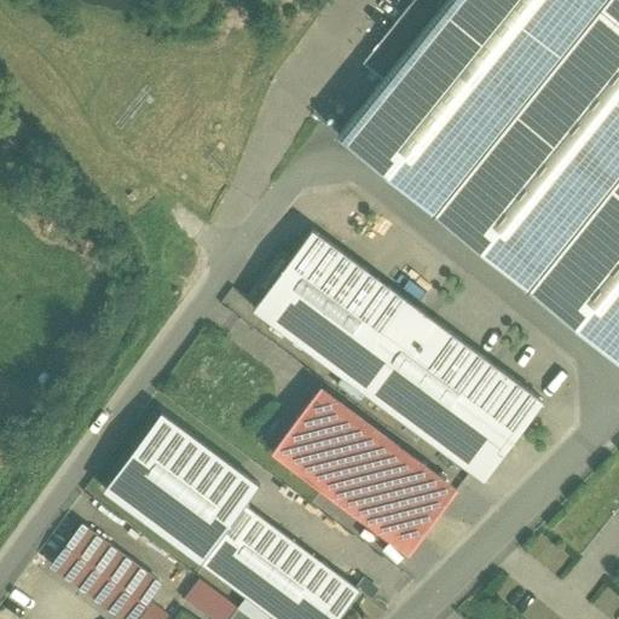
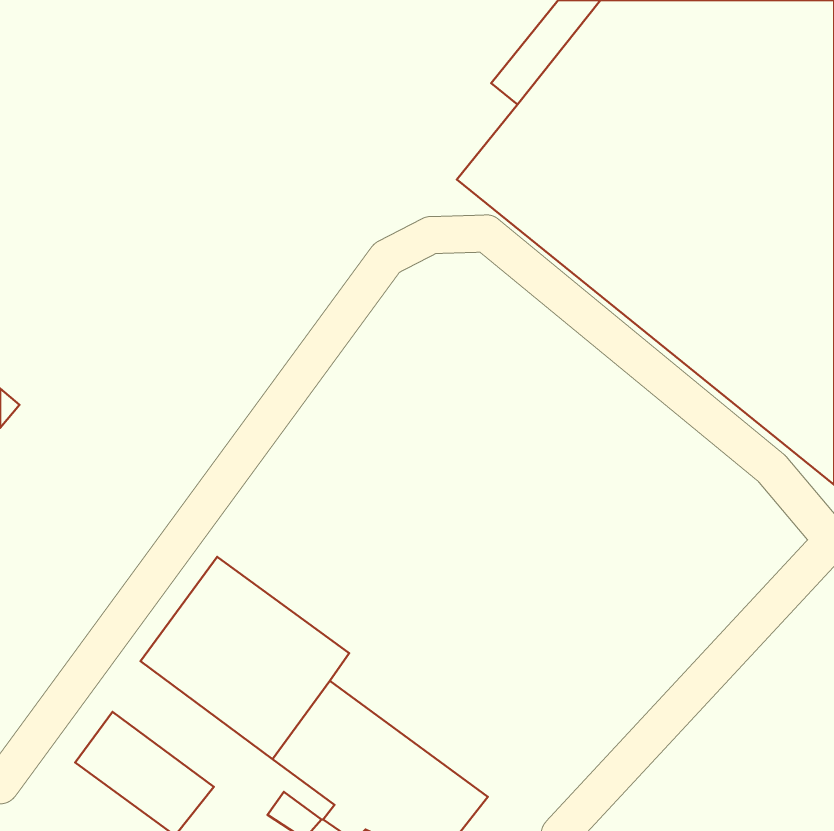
building: [254,230,544,482] -> none
building: [272,395,453,555] -> none

